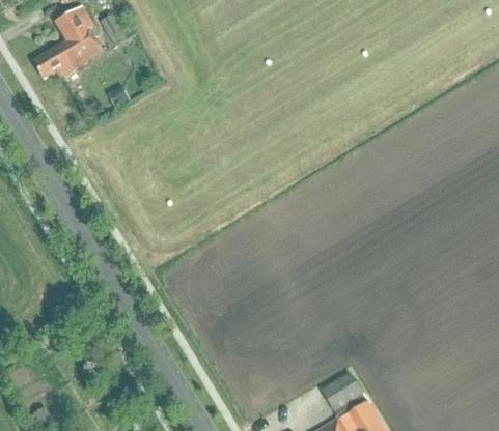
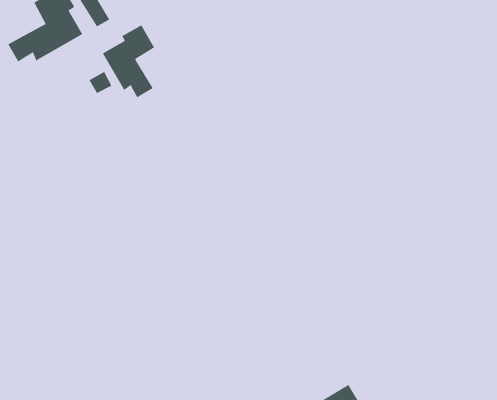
building: none -> [102,24,155,98]

